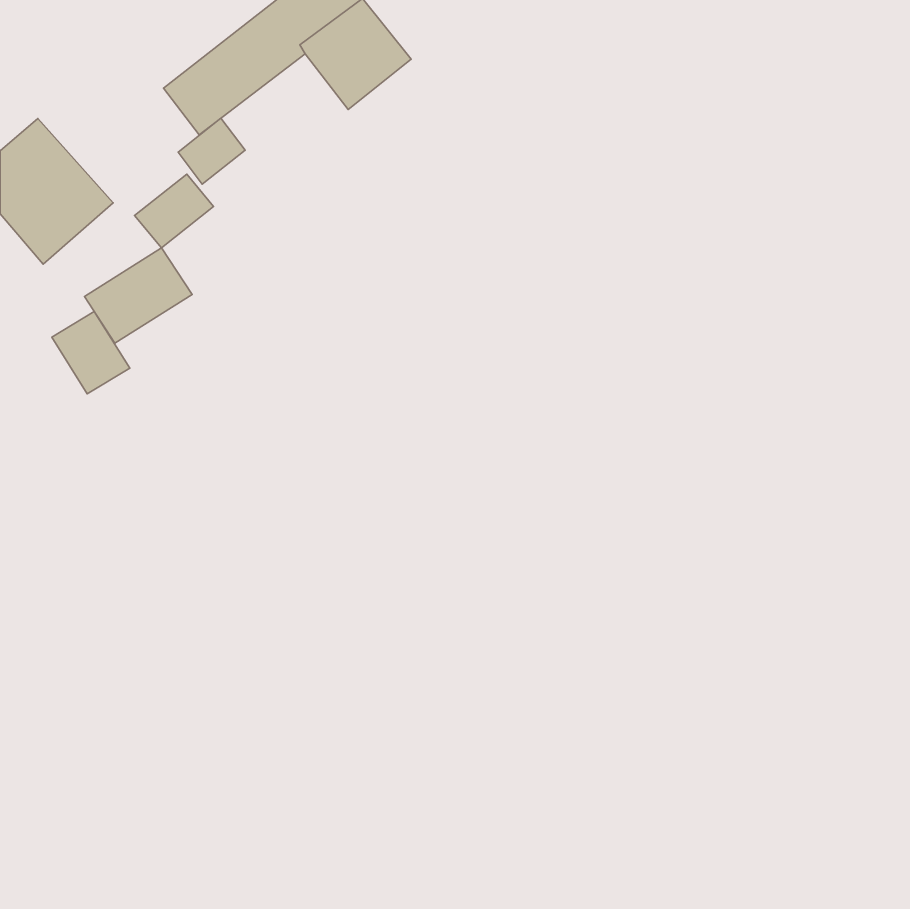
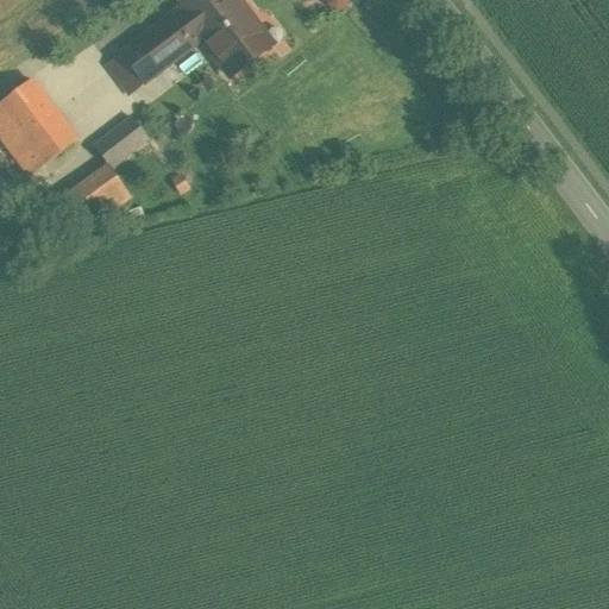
building: [178,118,245,184] -> none
building: [52,312,130,394] -> none

